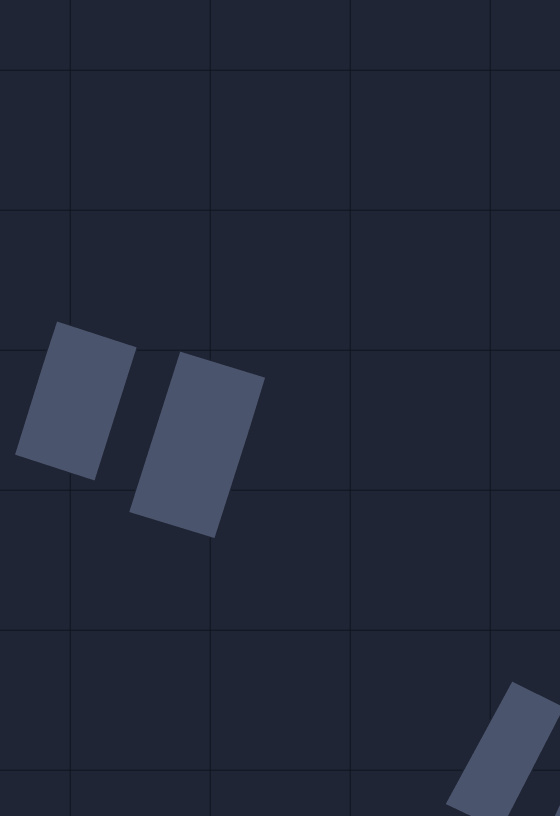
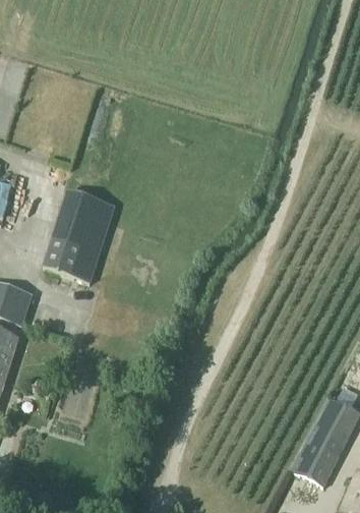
building: [129,351,266,539] -> none

